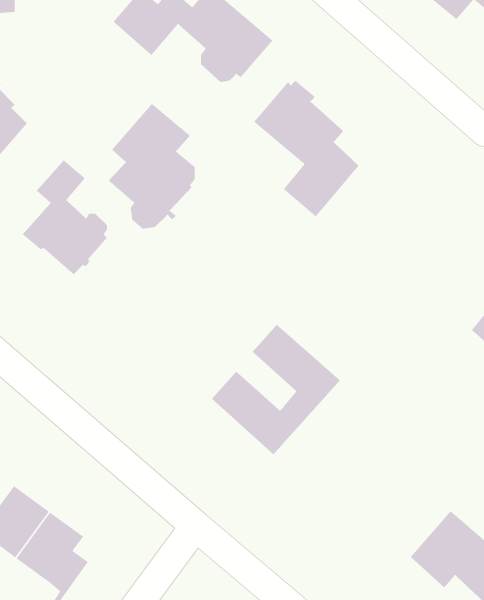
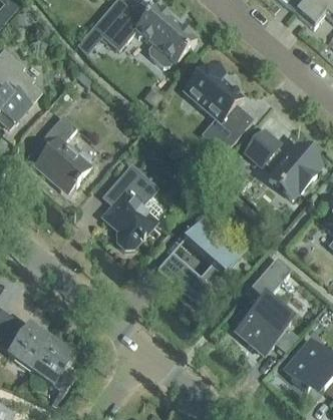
building: [108,103,196,229] -> [103,165,159,247]
building: none -> [245,128,321,196]
building: none -> [237,256,291,353]

